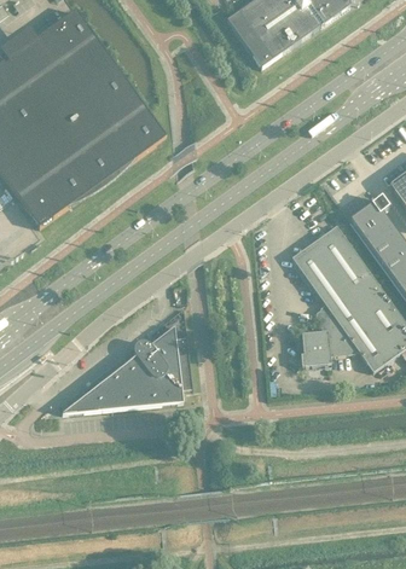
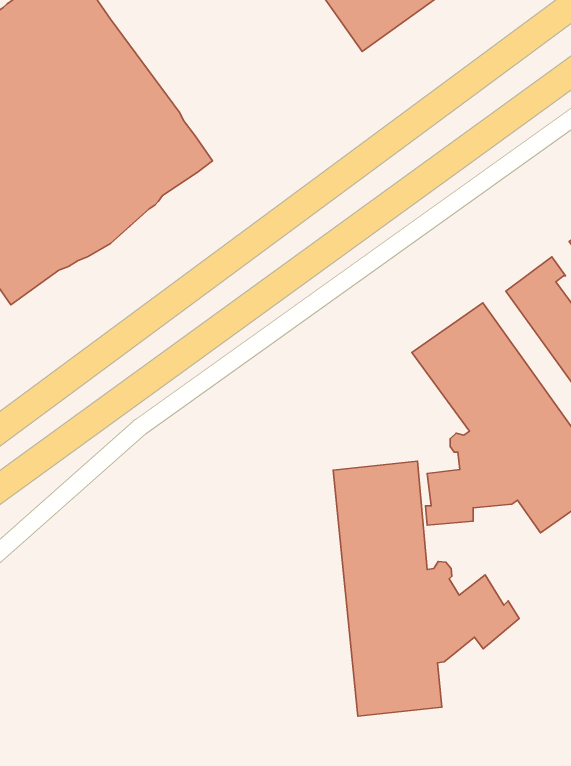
building: [62,324,192,412] -> none
building: none -> [333,461,519,716]

